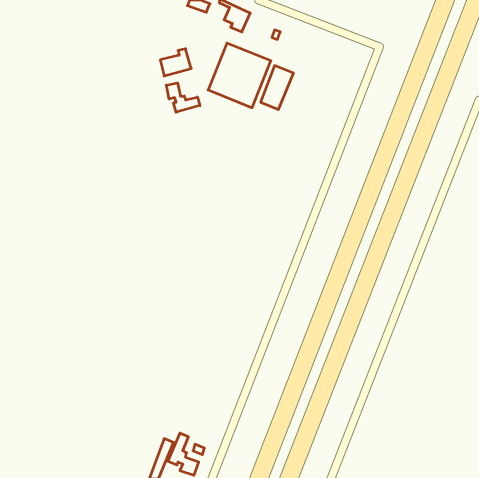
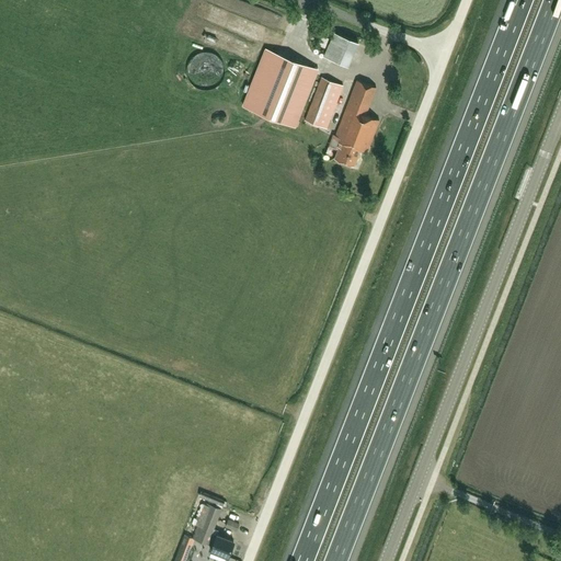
building: none -> [323,33,358,68]
building: none -> [328,80,379,165]
building: [166,83,200,112] -> none

